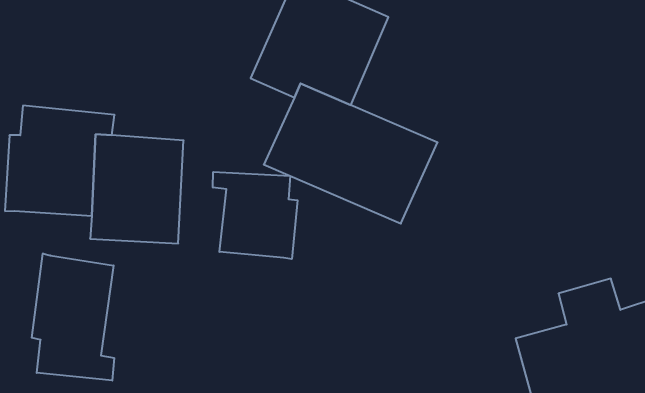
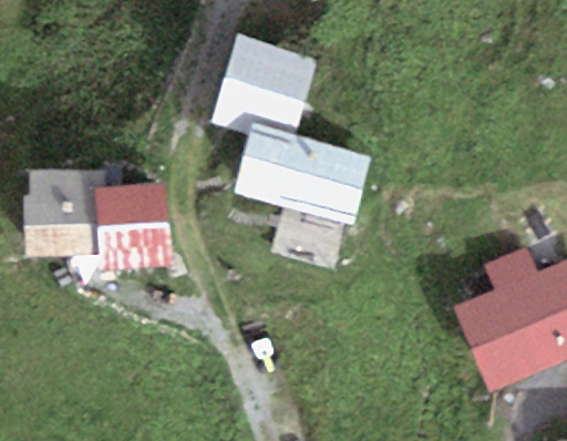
building: [213,172,298,259] -> none
building: [32,253,114,381] -> none

